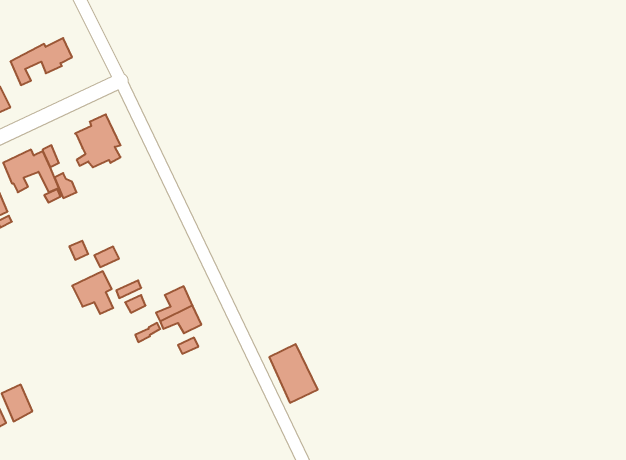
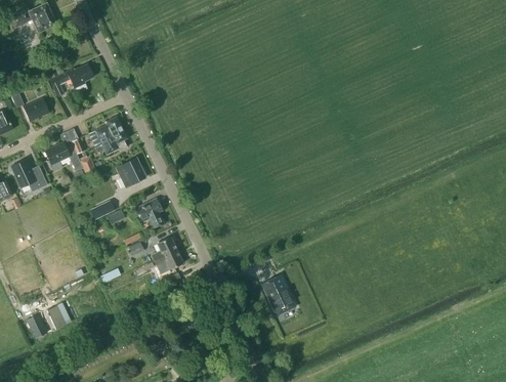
building: none -> [115,158,145,187]
building: [72,271,113,314] -> [134,198,163,227]
building: [269,344,318,403] -> [261,274,295,315]

